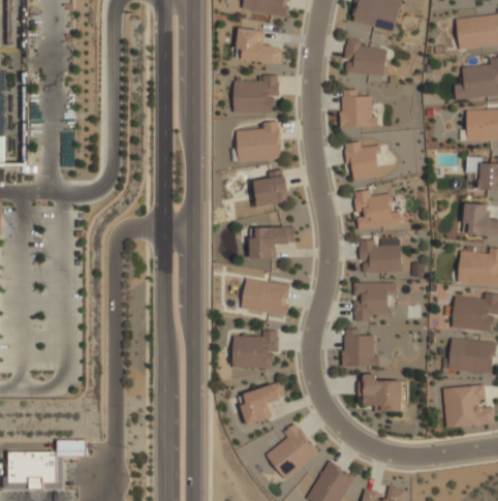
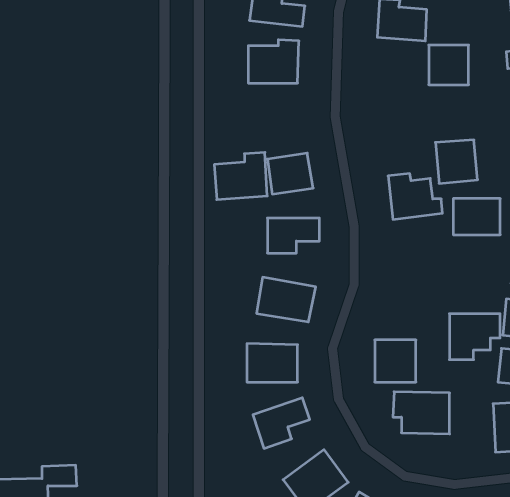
building: [340,93,374,127] -> [429,45,469,85]
building: [236,121,281,161] -> [214,152,267,200]
building: [345,142,381,179] -> [435,140,478,183]
building: [360,241,400,272] -> [453,199,500,235]
building: [353,282,397,321] -> [449,314,500,360]

